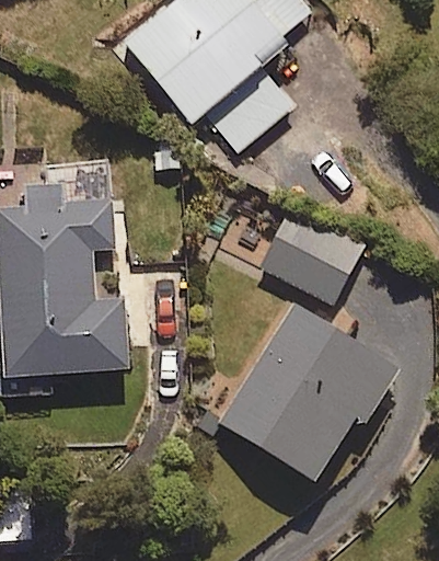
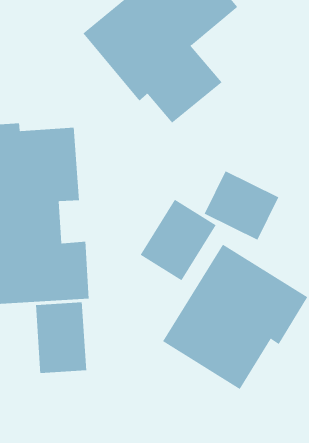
building: none -> [140,199,217,281]
building: none -> [35,302,87,374]

